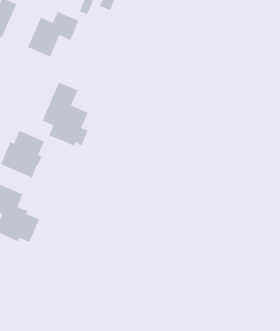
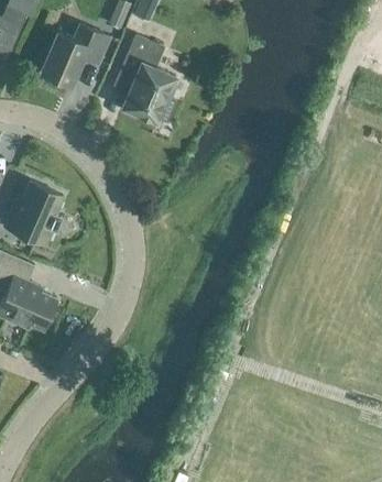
building: [42,82,89,146] -> [113,37,175,122]

